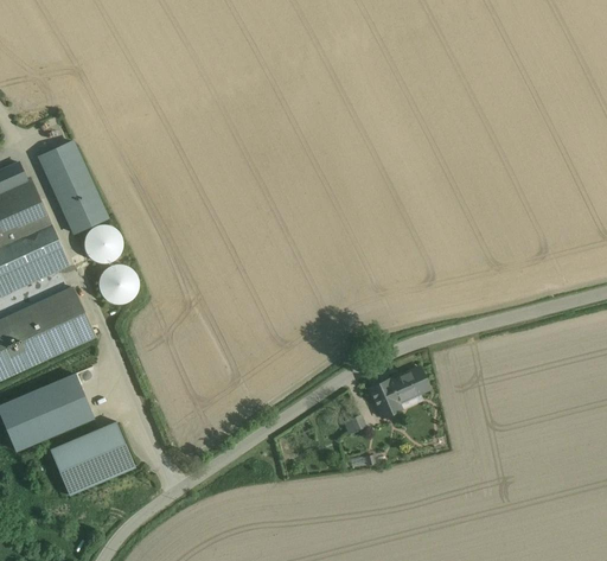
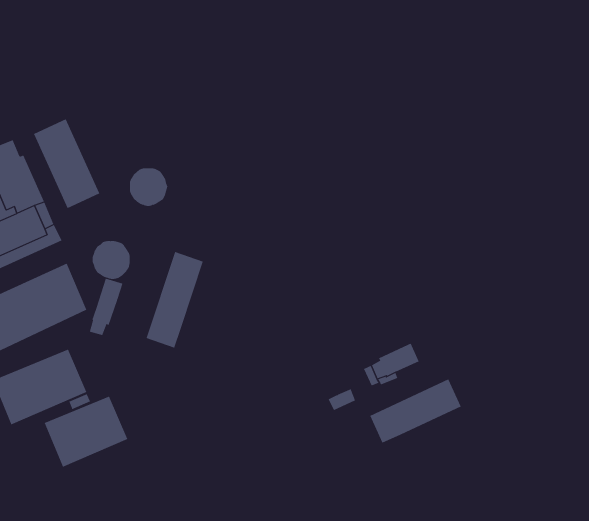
building: [84,225,123,264] -> [129,168,168,207]
building: none -> [146,251,204,348]
building: none -> [89,278,123,336]
building: none -> [369,379,461,444]

